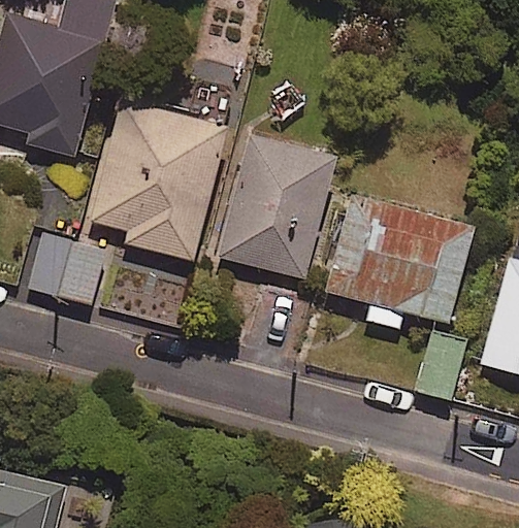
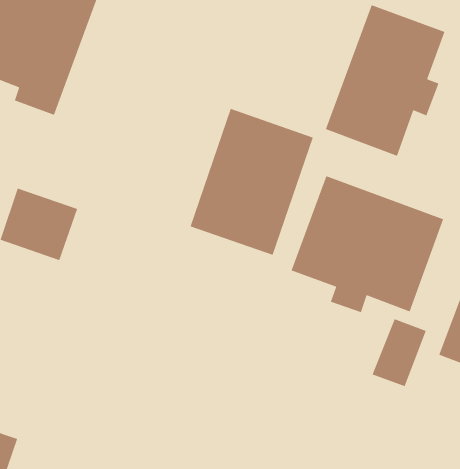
building: none -> [325,4,446,157]
building: [90,80,234,260] -> none

